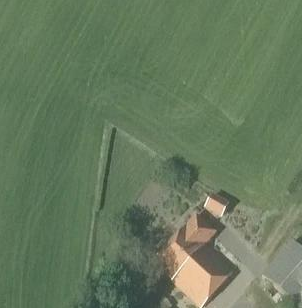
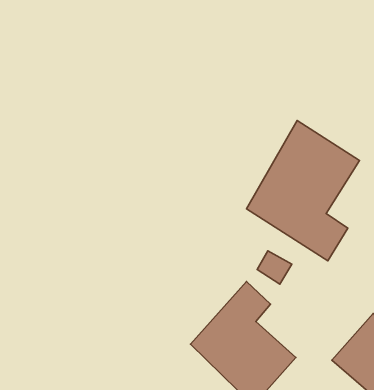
building: none -> [246,121,359,261]

